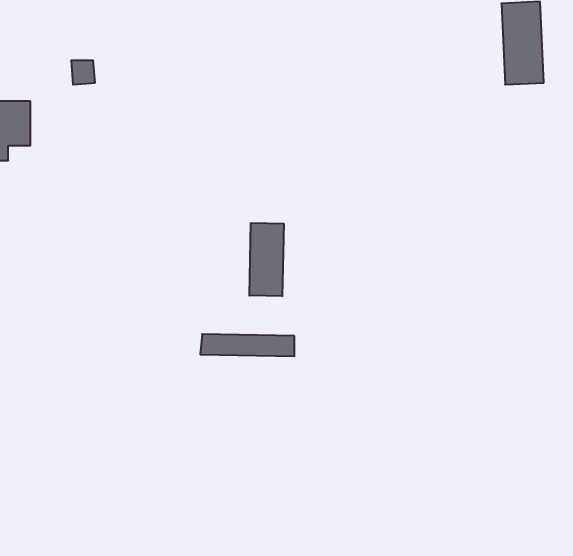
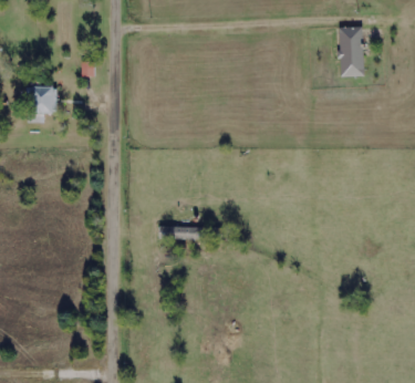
building: [249,223,284,296] -> none

